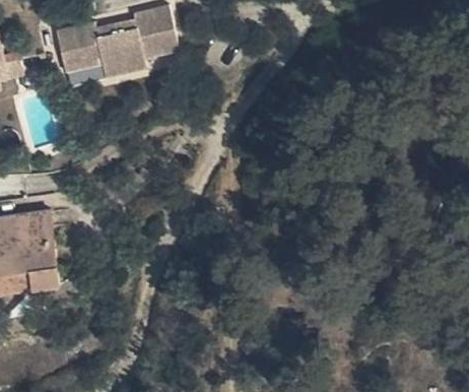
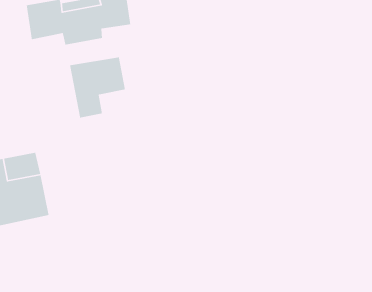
building: none -> [69,56,126,119]

